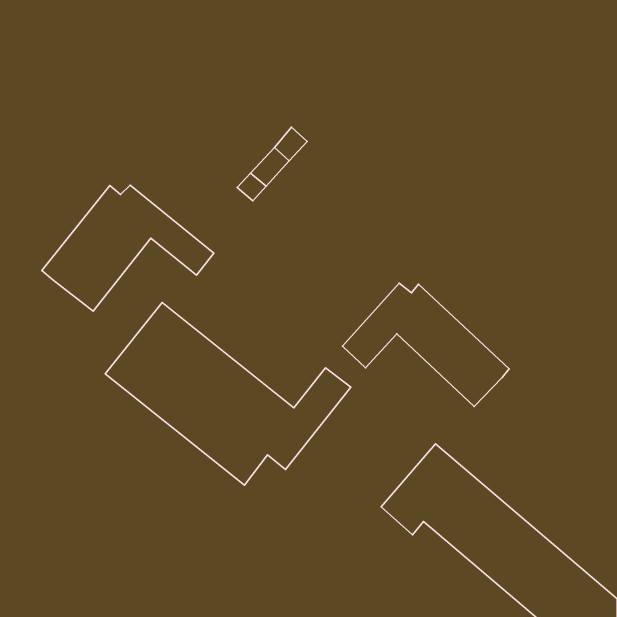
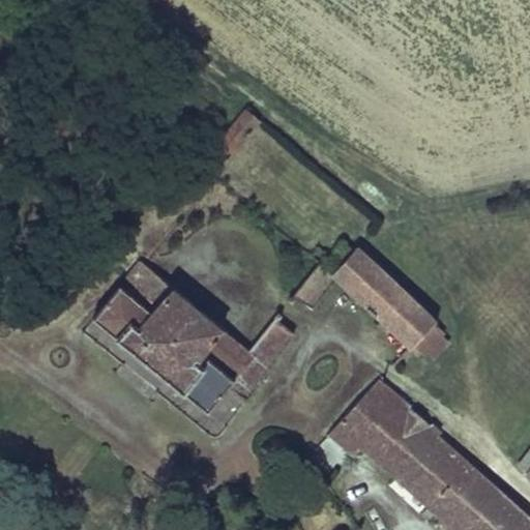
building: [42,185,214,311] -> none
building: none -> [406,324,448,366]

